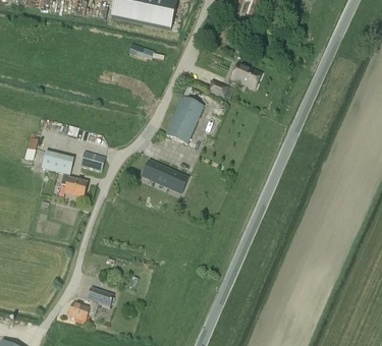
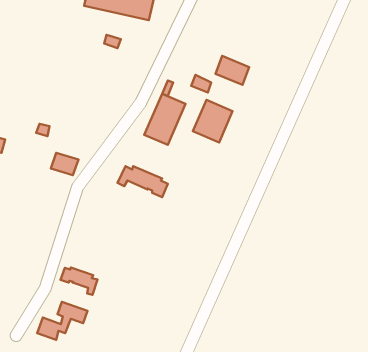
building: none -> [193,100,232,142]
building: [41,151,87,197] -> none
building: none -> [61,267,97,295]

